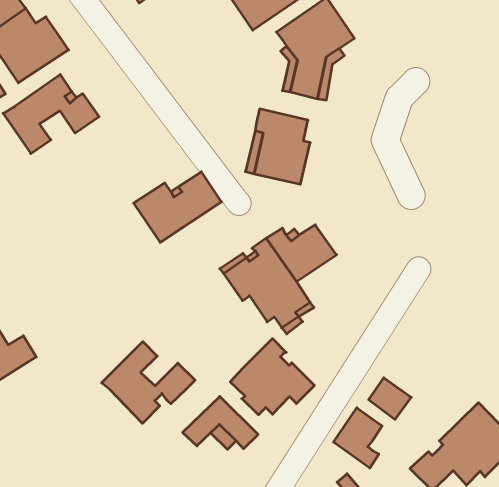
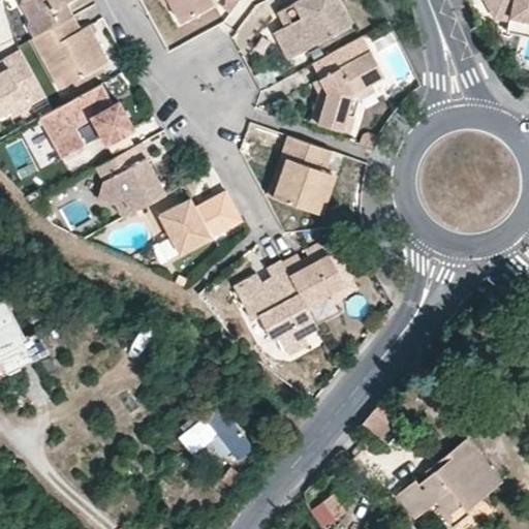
building: none -> [95,143,164,217]
building: [230,339,314,415] -> none
building: [102,342,195,423] -> none
building: [334,408,382,468] -> none

